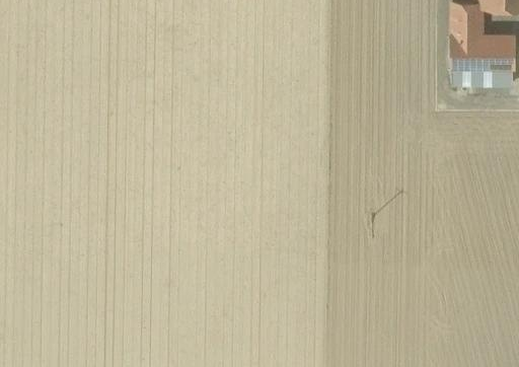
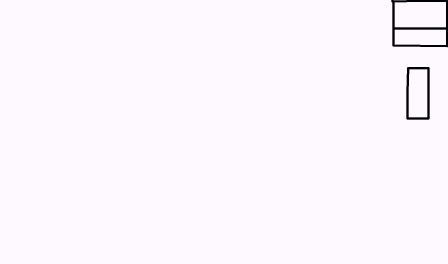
building: none -> [407,68,429,119]

